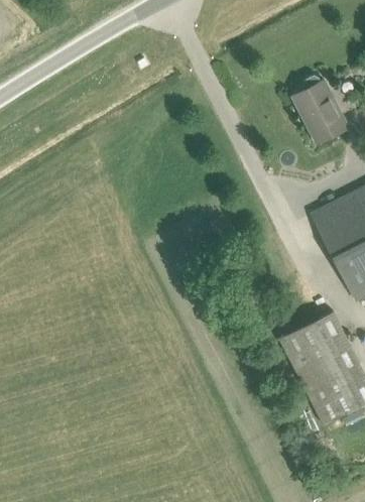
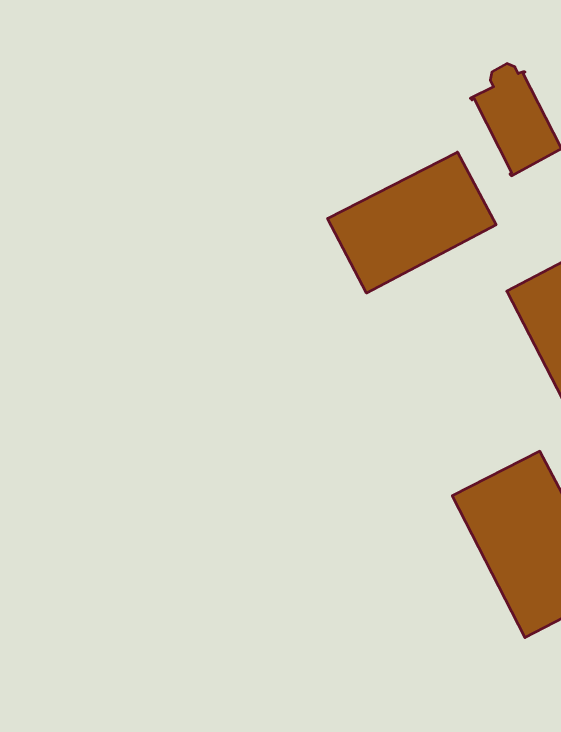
building: none -> [328,152,496,293]

